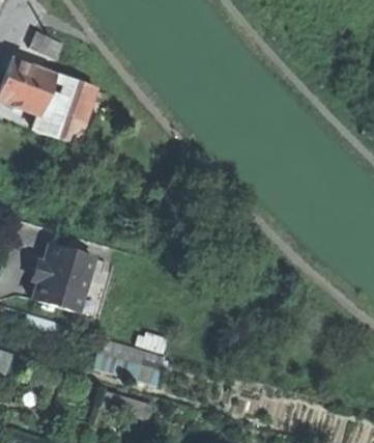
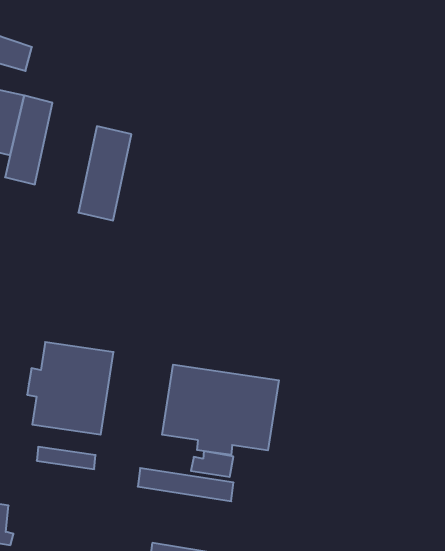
building: [55,80,97,145] -> [78,126,131,221]
building: none -> [162,365,279,455]

